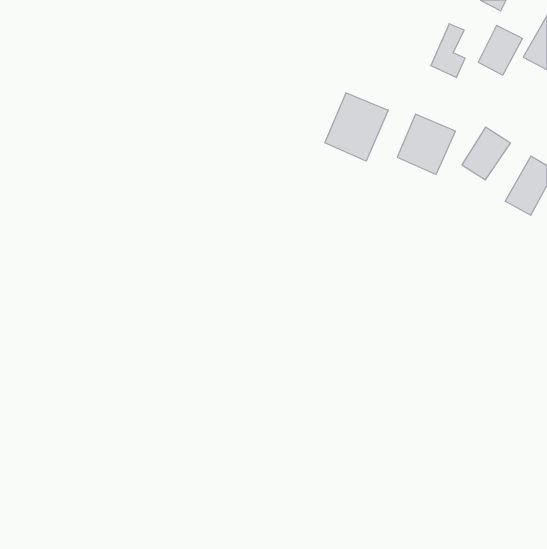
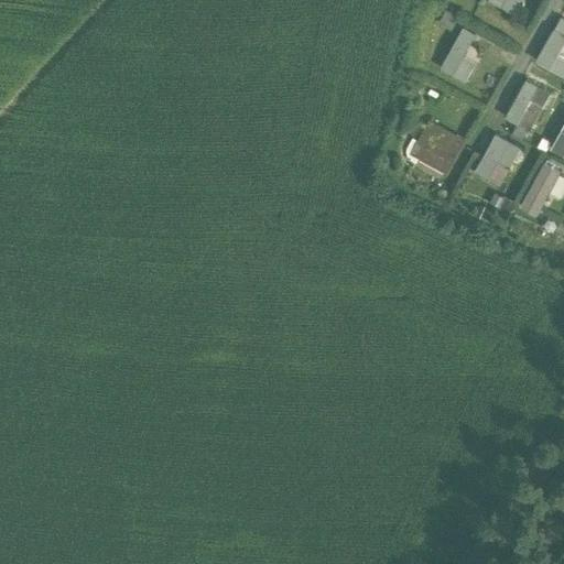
building: [478,26,522,75] -> [506,78,551,129]
building: [325,93,388,161] -> none

